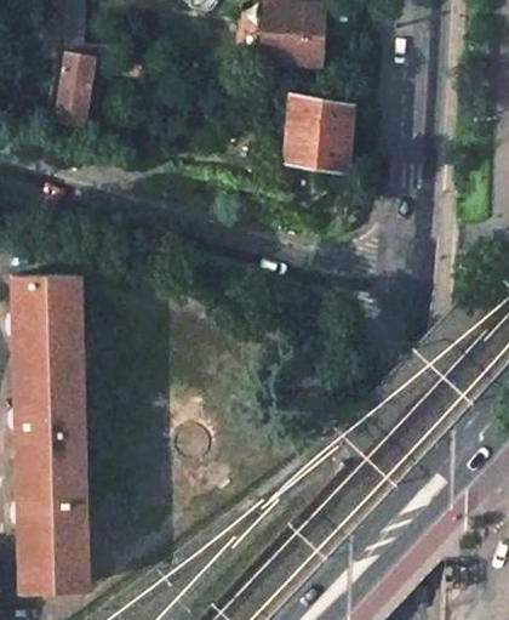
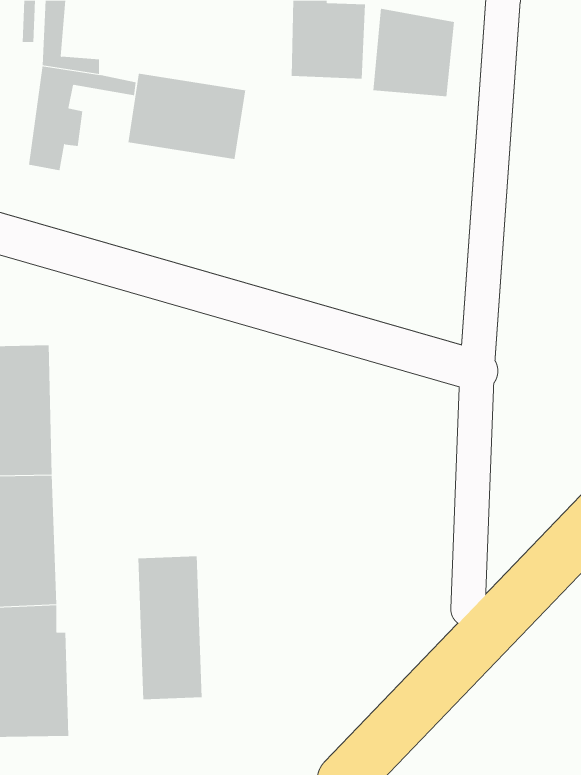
building: none -> [128,73,246,160]
building: [285,95,350,165] -> [372,8,455,97]
building: none -> [138,555,202,700]

